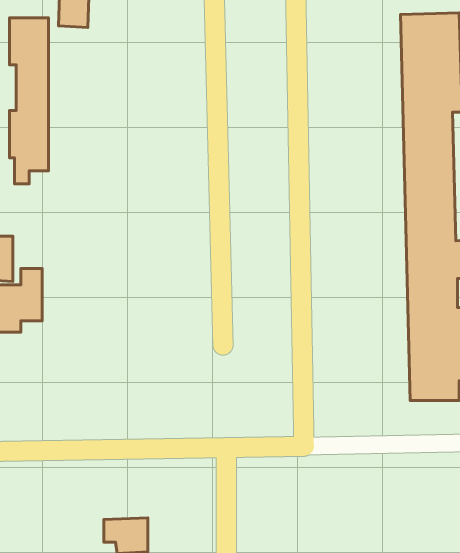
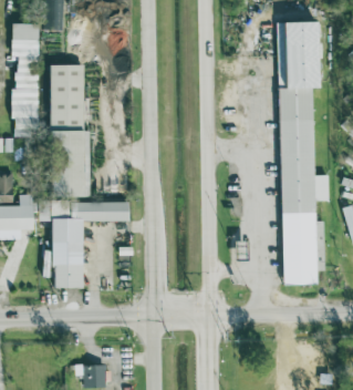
building: none -> [51,65,92,197]
building: none -> [40,202,128,288]

